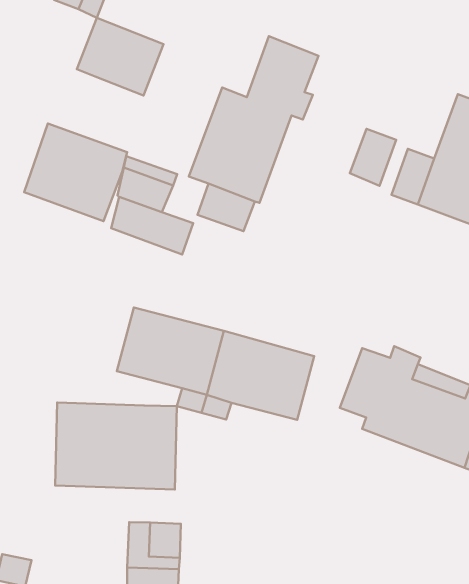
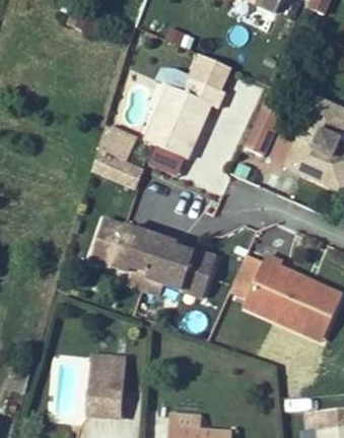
building: [77,18,164,96] -> none
building: [24,123,127,221] -> none
building: [55,402,177,489] -> none

